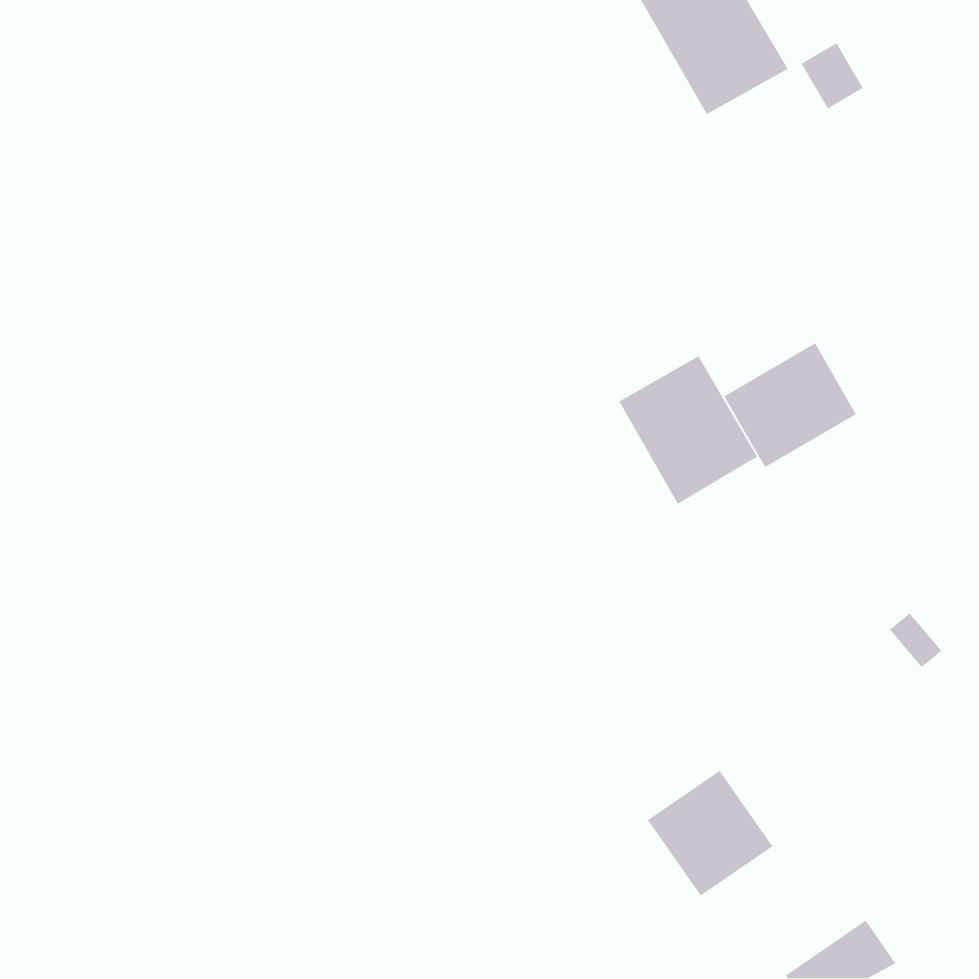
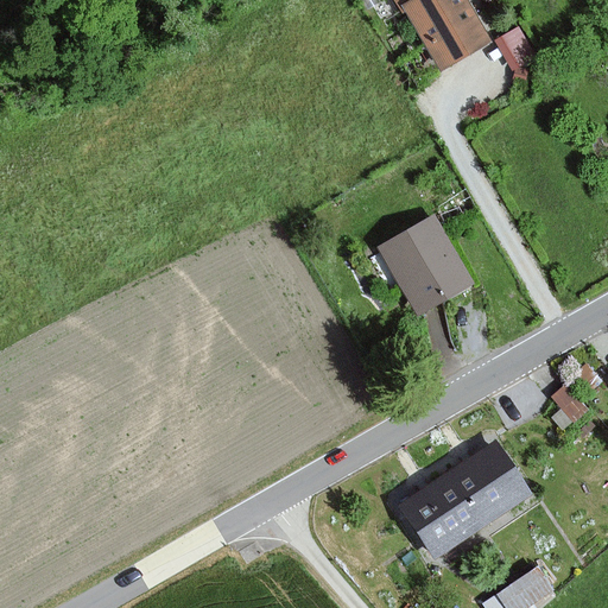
building: [723,342,857,468] -> none
building: none -> [446,445,525,524]

